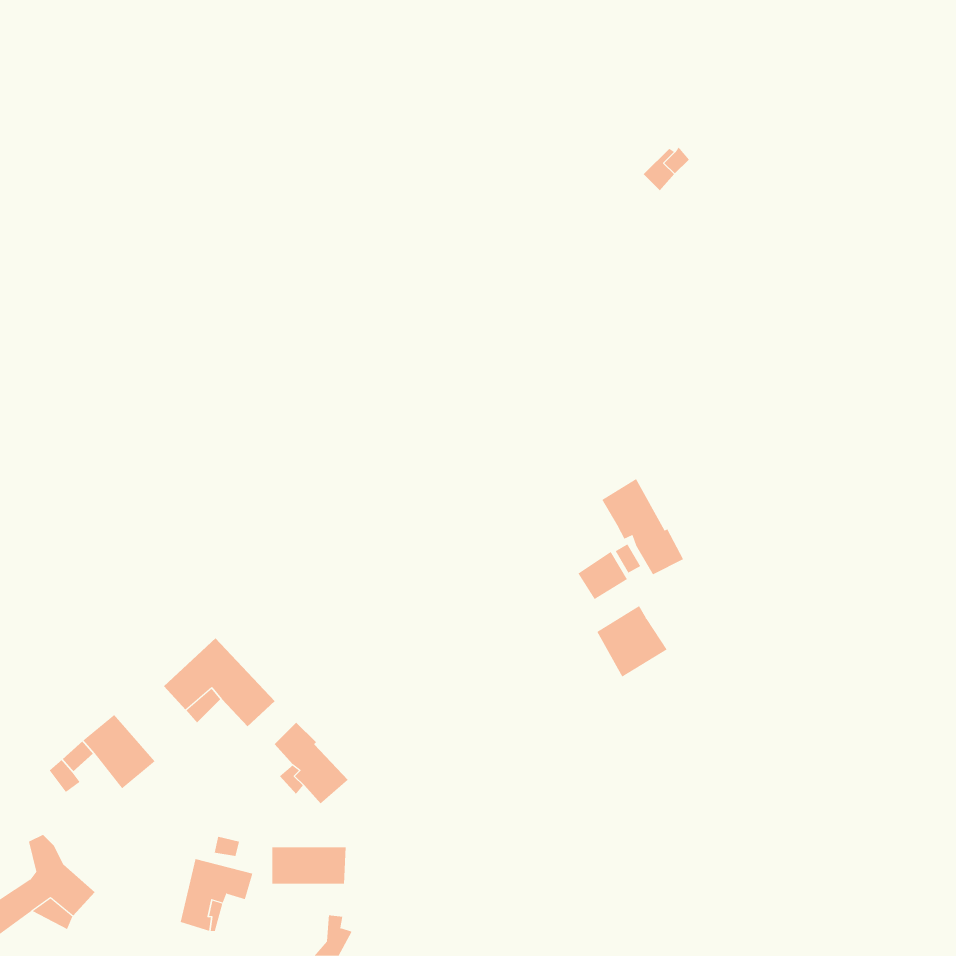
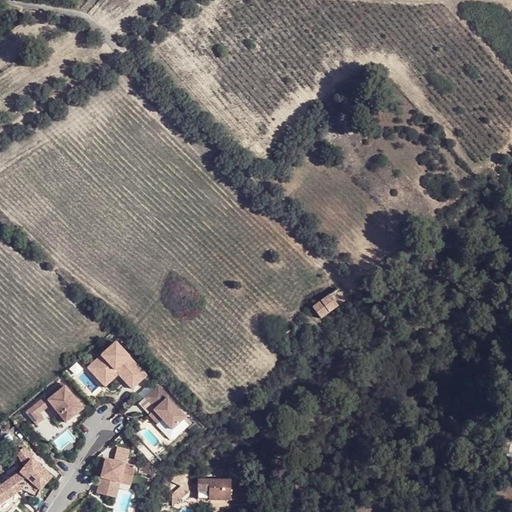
building: [601,478,684,575] -> none
building: [596,605,668,678] -> none
building: [272,847,347,884] -> [197,479,237,499]

